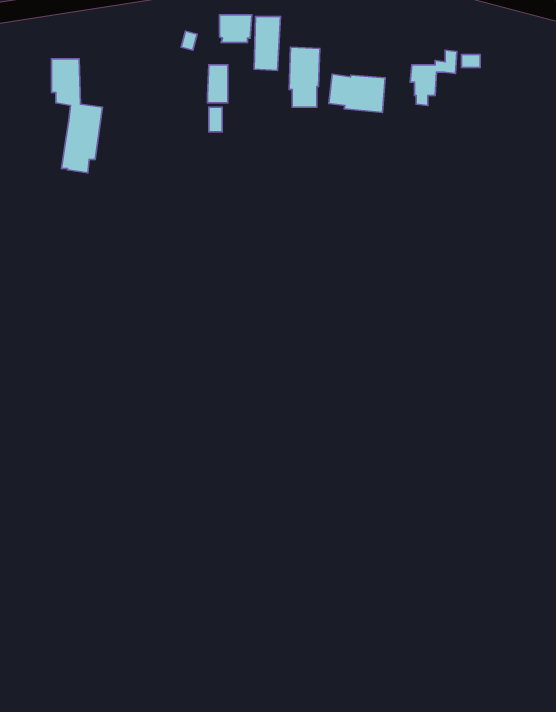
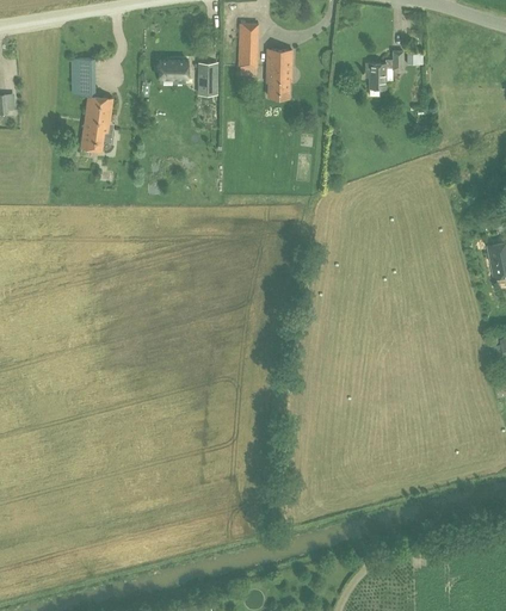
building: [220,15,252,43] -> [156,58,183,81]
building: [329,74,385,112] -> none

